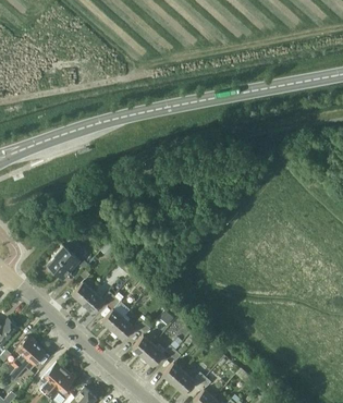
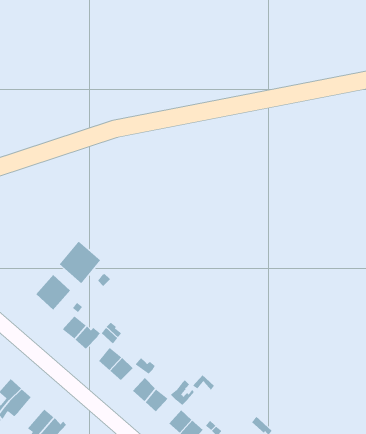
building: none -> [59,240,101,284]

